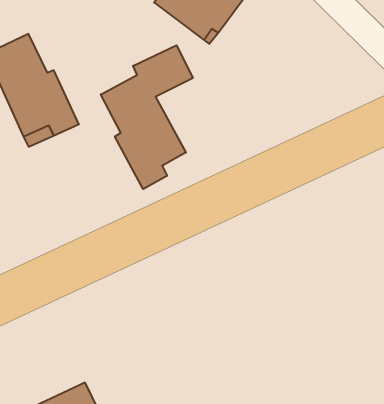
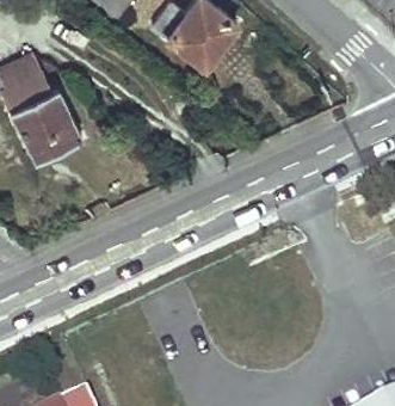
building: [101,45,193,189] -> none

